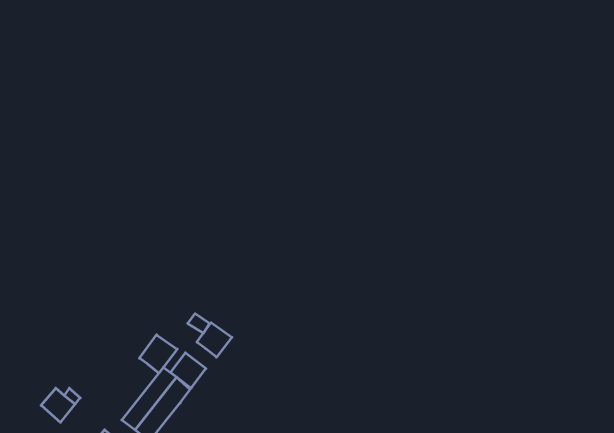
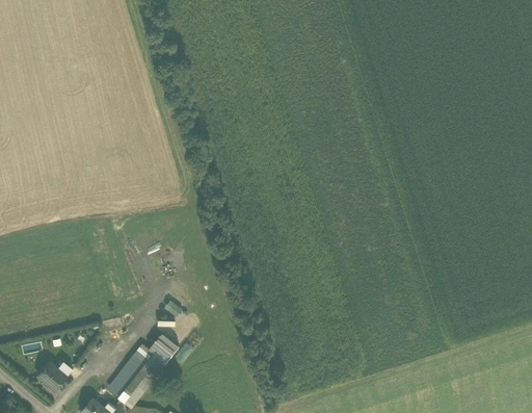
building: [197,323,232,357] -> none
building: [139,335,177,373] -> none

